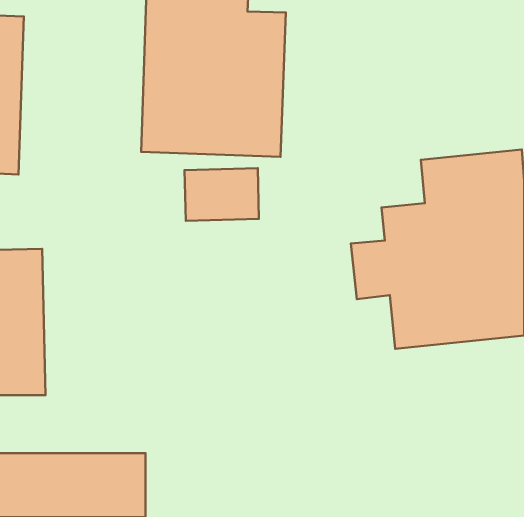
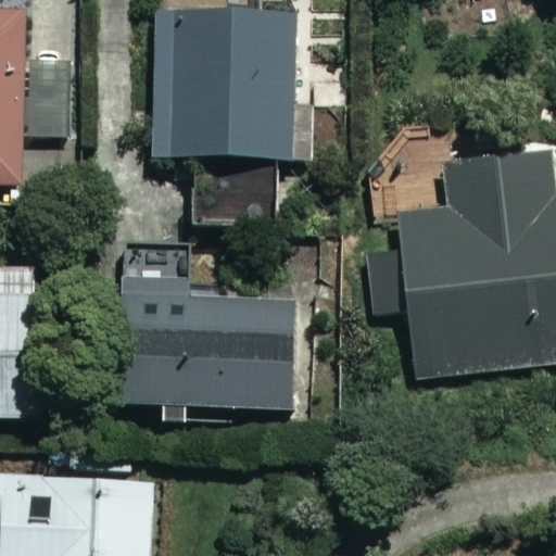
building: none -> [124,248,294,407]

